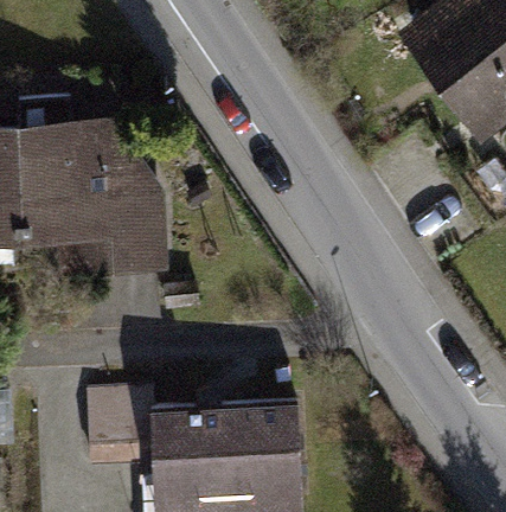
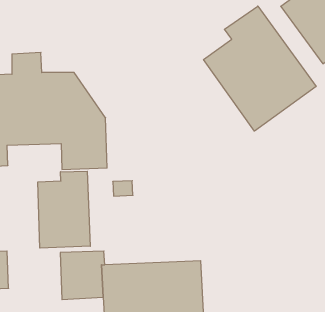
building: none -> [204,6,316,131]
building: none -> [38,171,90,248]

